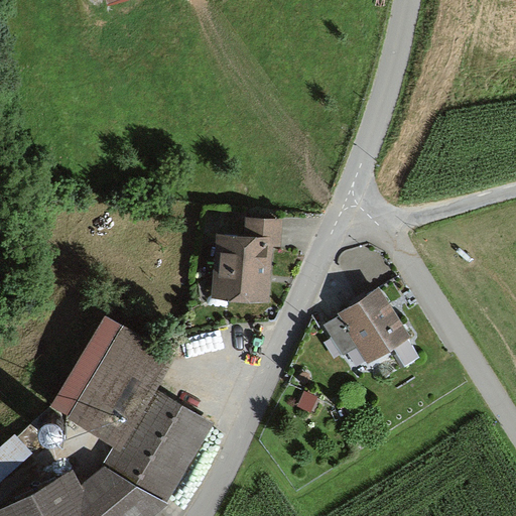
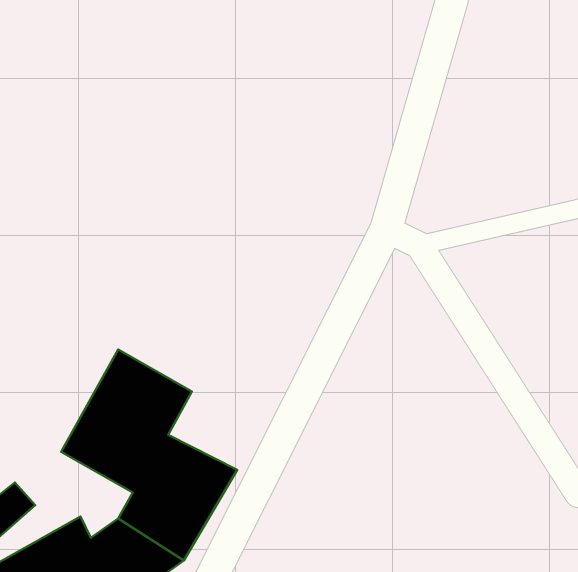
building: [211,218,281,307] -> none
building: [319,289,408,367] -> none

